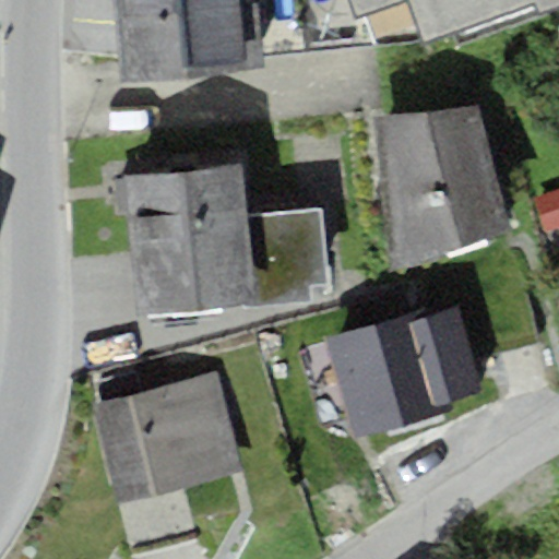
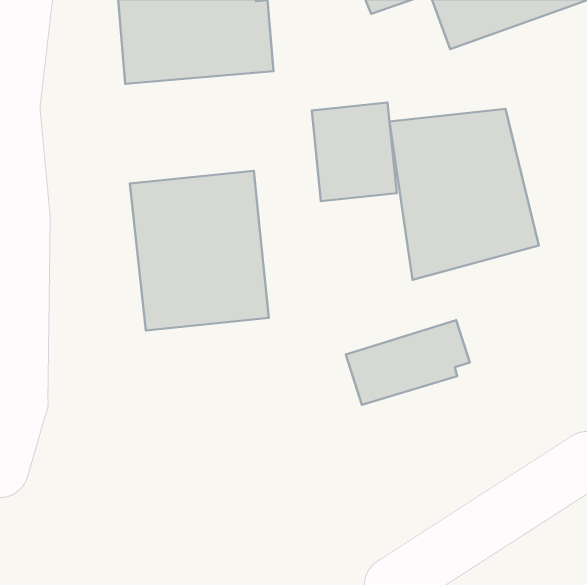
building: [247,209,328,302] -> [312,103,397,201]
building: [344,358,450,436] -> none
building: [92,369,246,506] -> none

